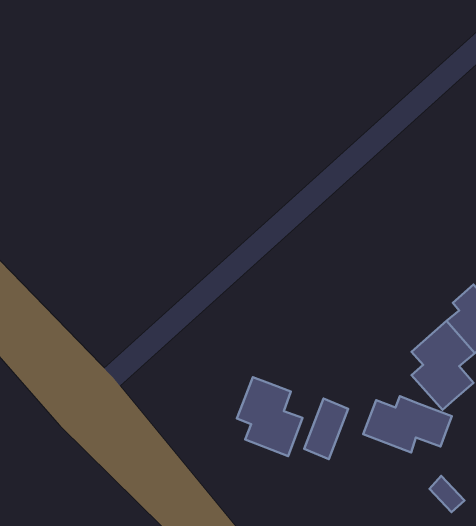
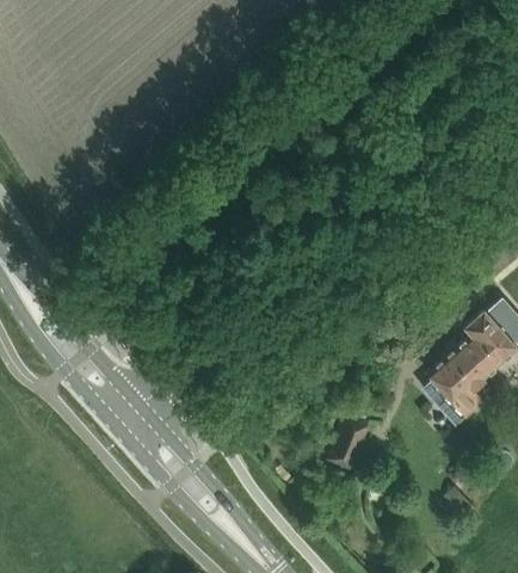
building: [237,377,303,456] -> none
building: [363,396,452,452] -> none

